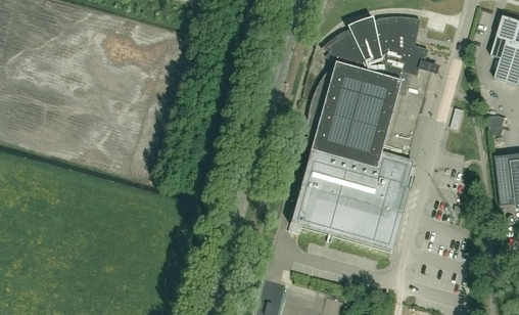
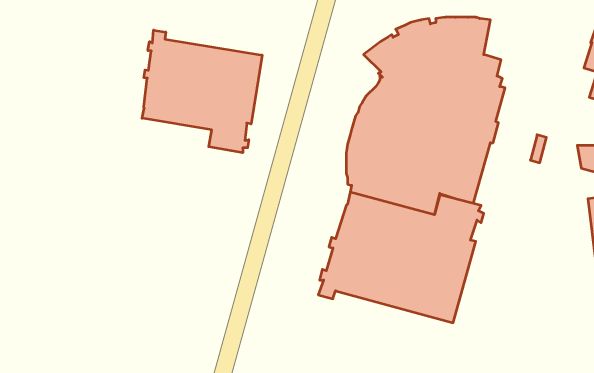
building: none -> [142,30,262,153]

